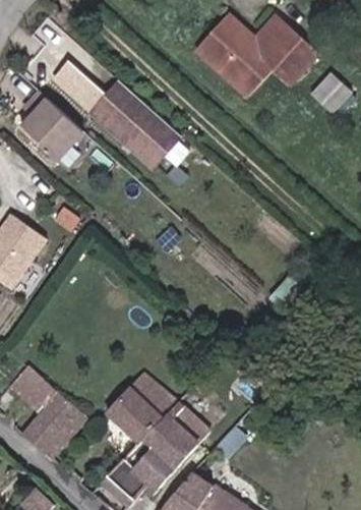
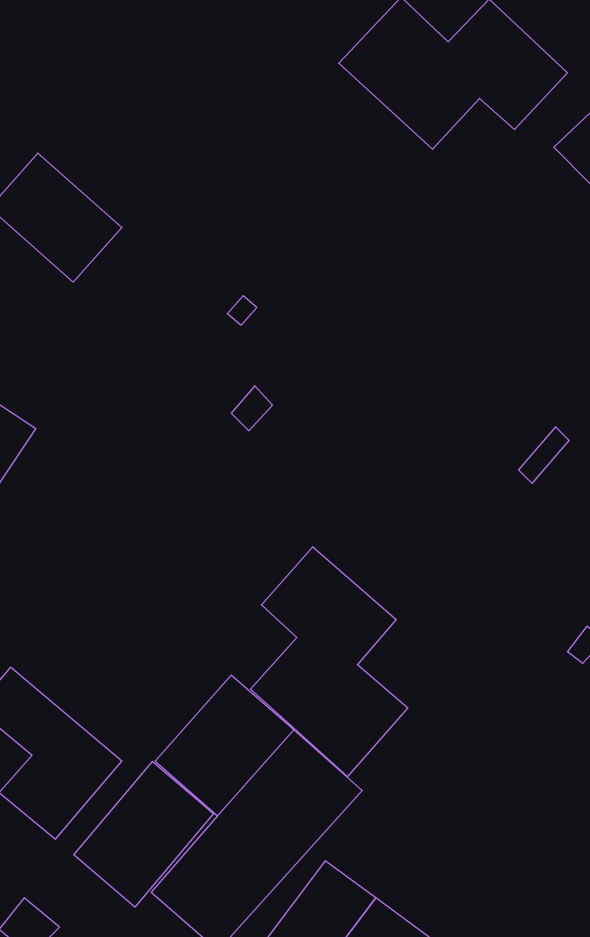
building: [54,62,180,167] -> none
building: none -> [251,547,408,777]
building: none -> [74,761,214,907]

